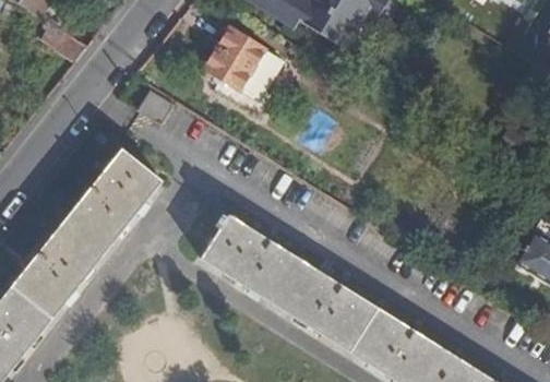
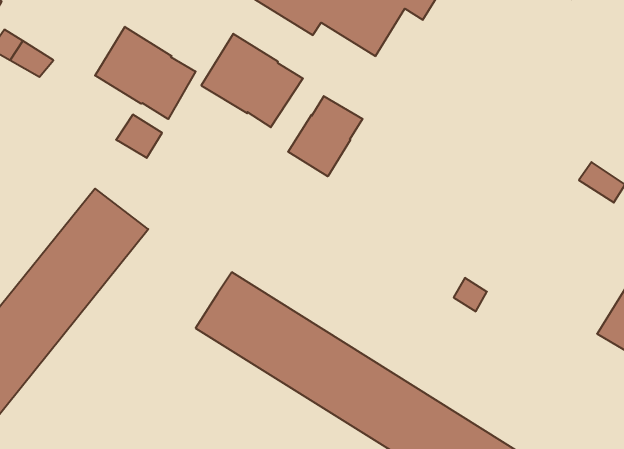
building: none -> [95,27,196,119]
building: none -> [288,96,363,176]

